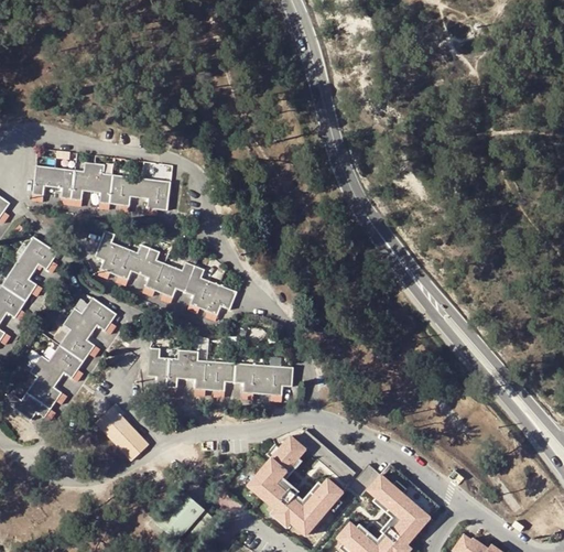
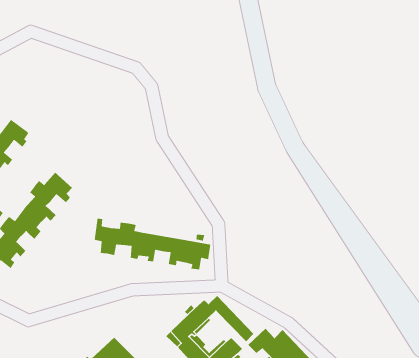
building: [31,163,170,214] -> none
building: [94,230,236,320] -> none
building: [95,407,147,459] -> none

